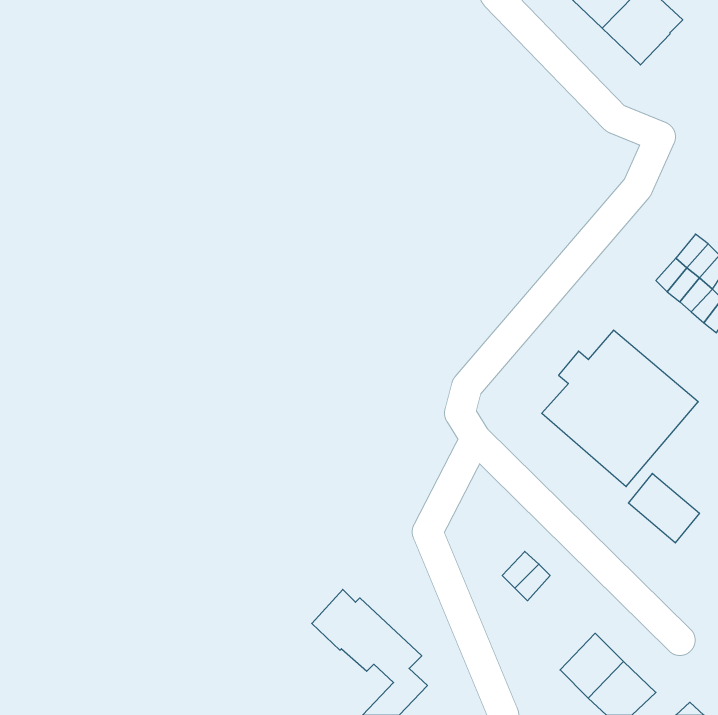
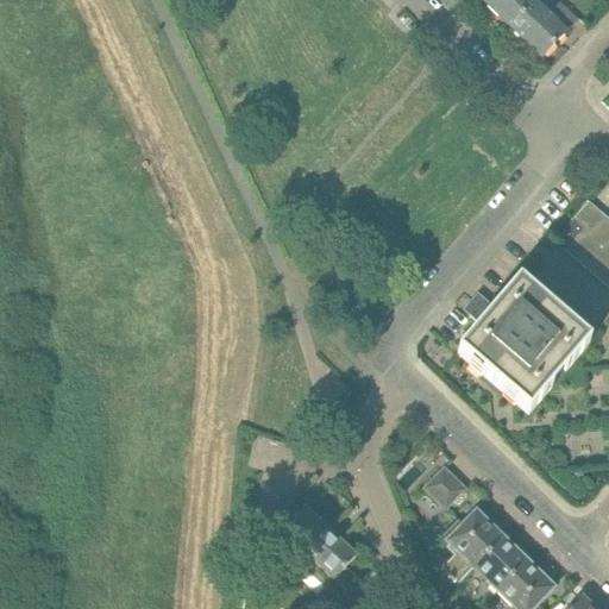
building: [628,473,699,543] -> none
building: none -> [441,508,504,578]

